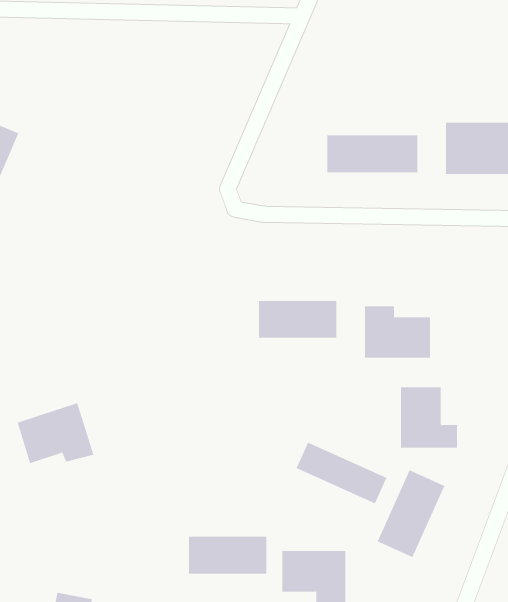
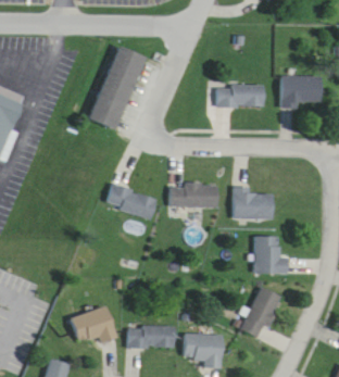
building: none -> [90,46,145,129]
building: none -> [105,186,155,217]
building: [17,403,94,464] -> [70,306,116,343]
building: [296,442,387,504] -> none

